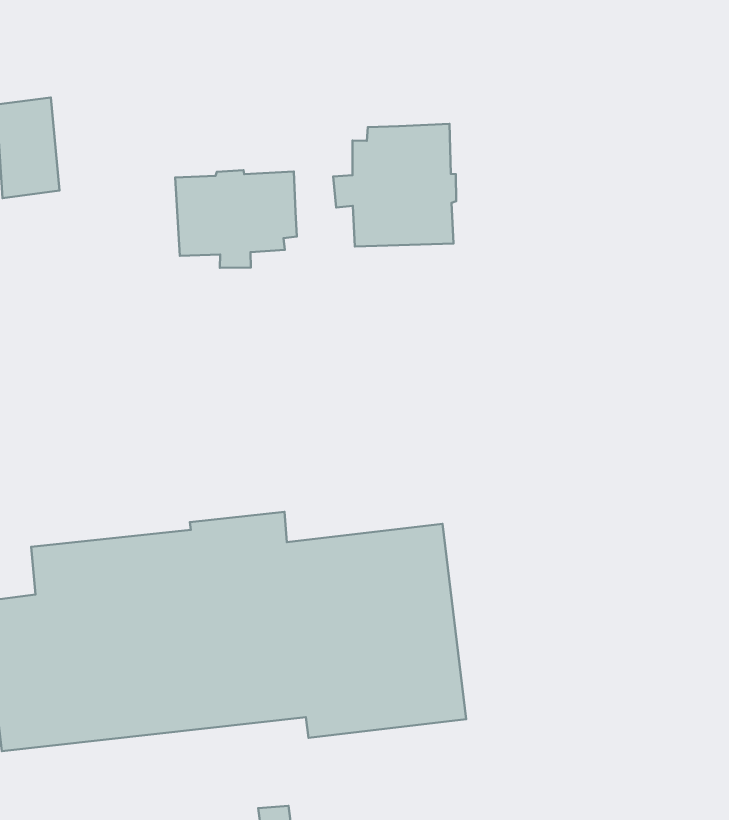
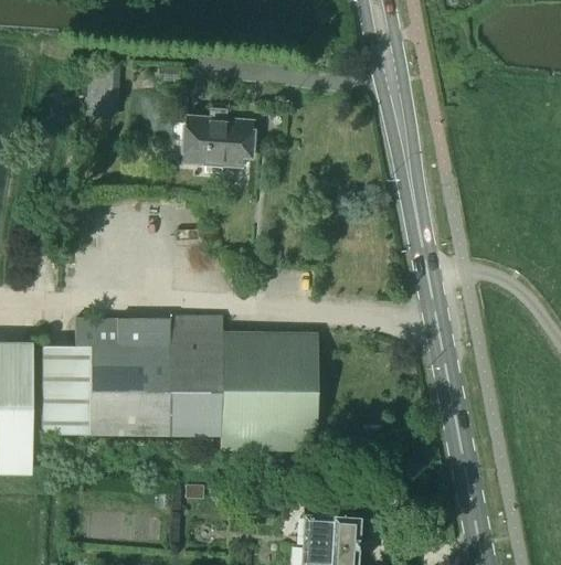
building: [333,124,456,246] -> none

